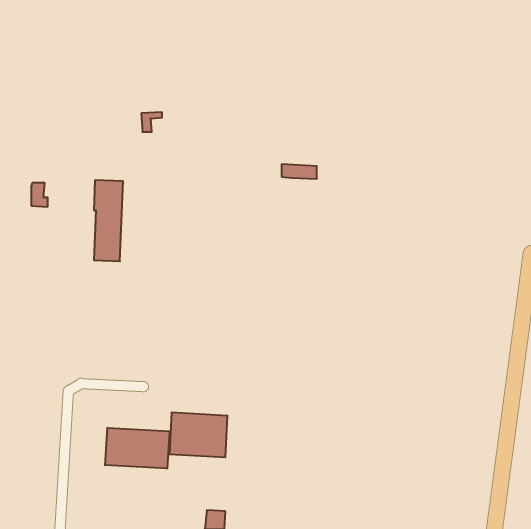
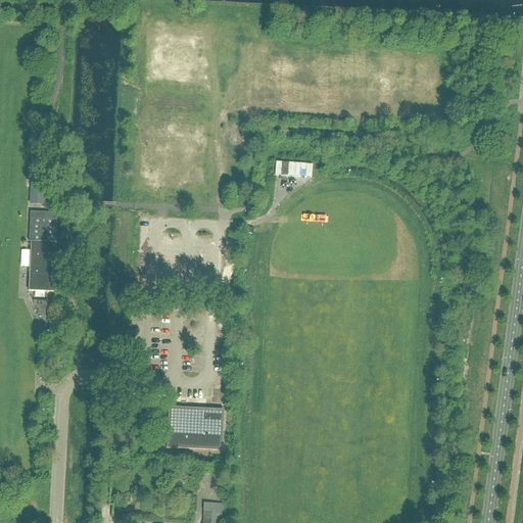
building: [94,180,123,261] -> [29,210,57,290]
building: [105,428,169,469] -> none

